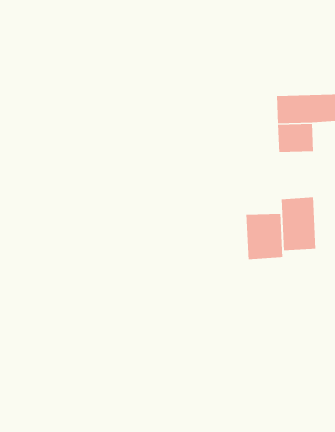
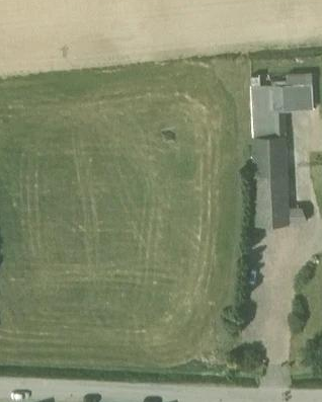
building: [246,213,283,260] -> [254,137,288,178]

